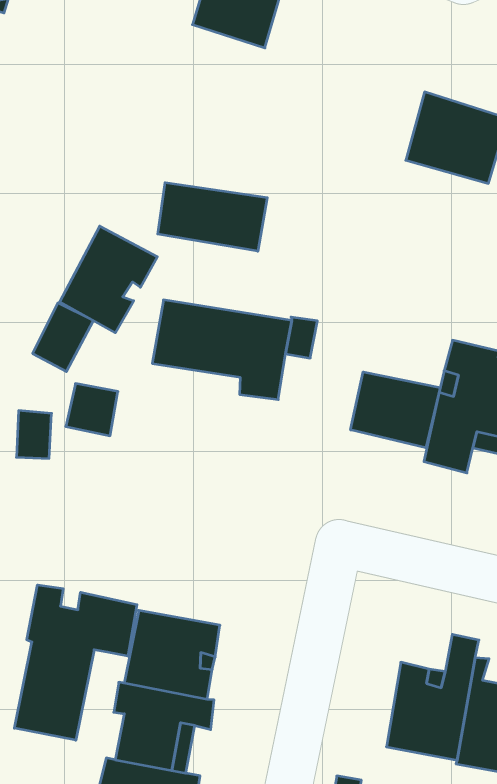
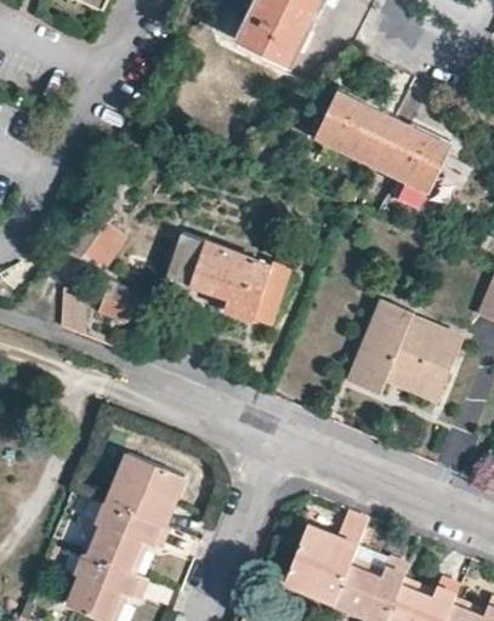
building: none -> [314,93,393,166]
building: [158,183,267,251] -> none
building: [60,226,157,333] -> none
building: [351,372,440,448] -> none
building: [14,585,137,740] -> none

